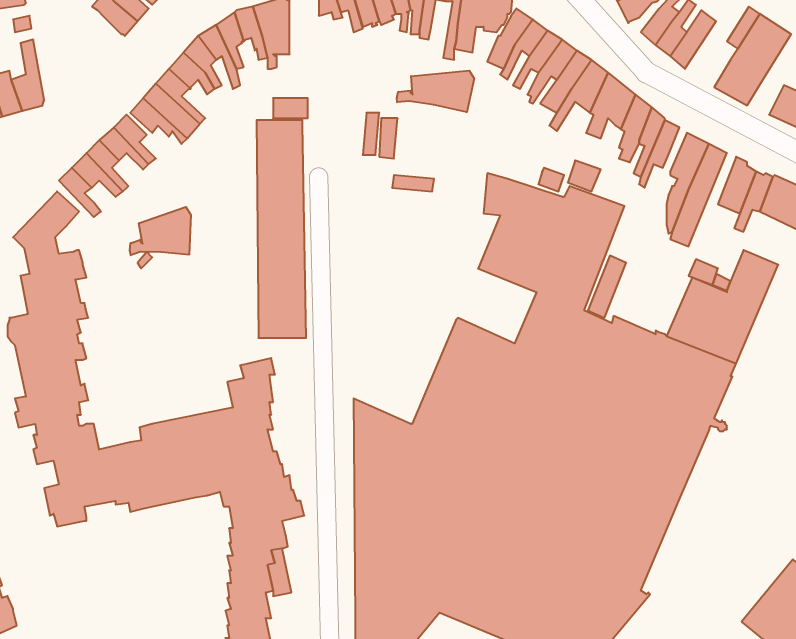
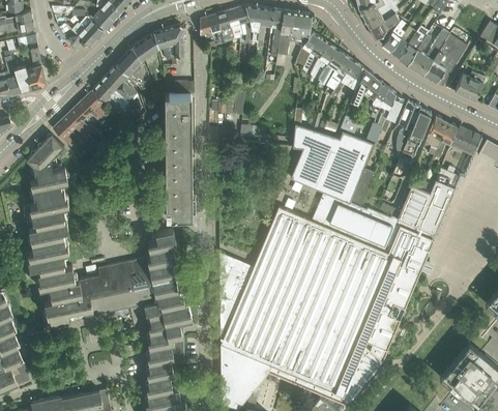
building: none -> [407,35,433,76]
building: [397,71,474,112] -> none
building: [130,207,191,255] -> none

